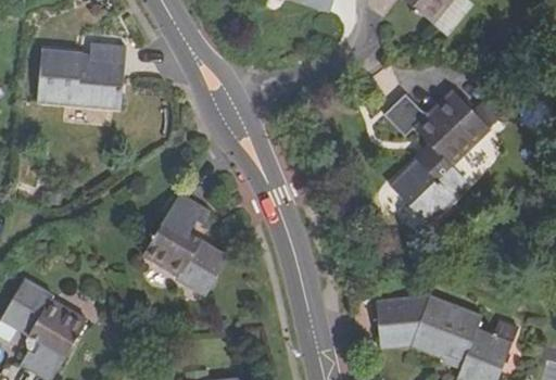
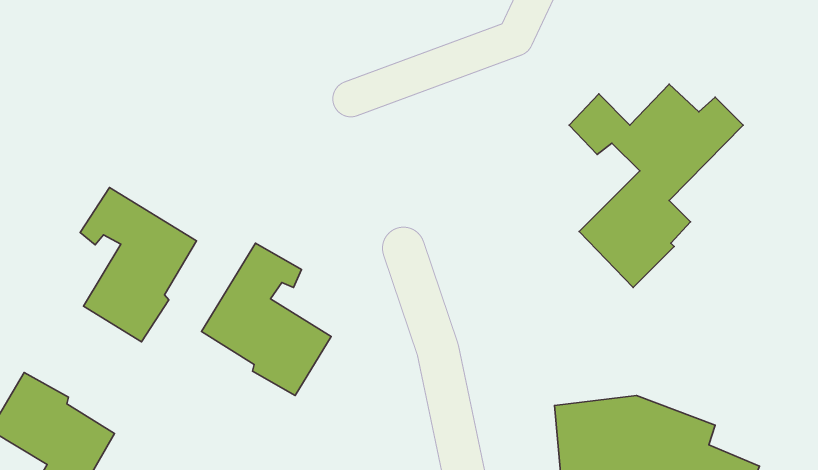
building: [38,45,126,109] -> none
building: none -> [80,188,197,342]

